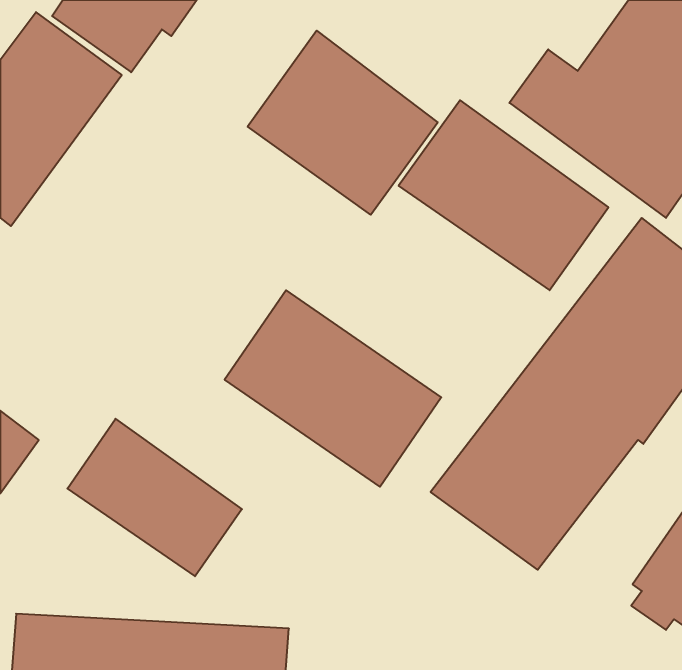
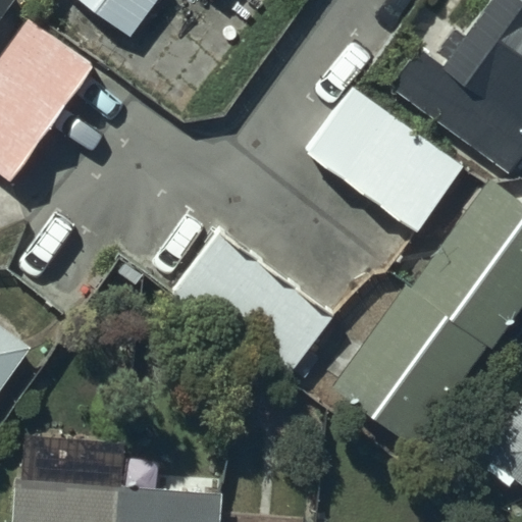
building: [248,31,438,215] -> none
building: [67,419,242,576] -> none

